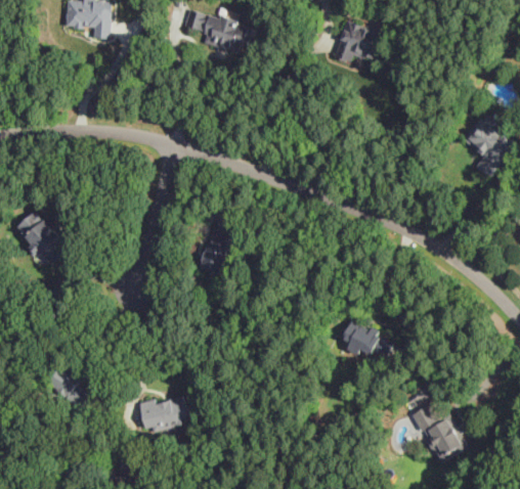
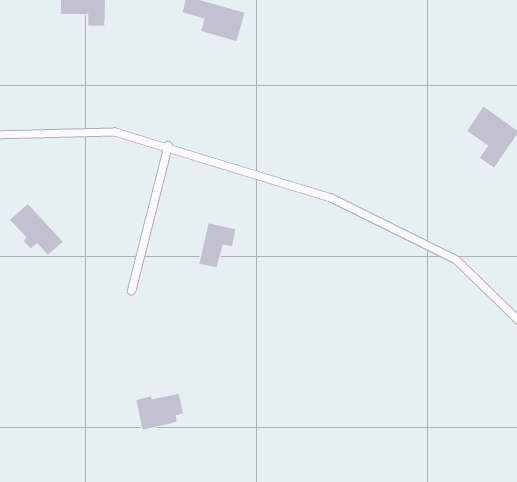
building: [334,21,379,61] -> none
building: [341,320,392,360] -> none
building: [411,405,467,463] -> none

